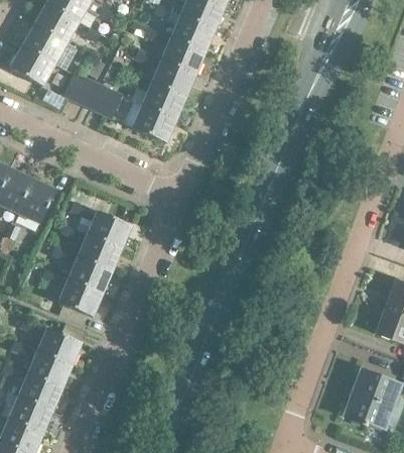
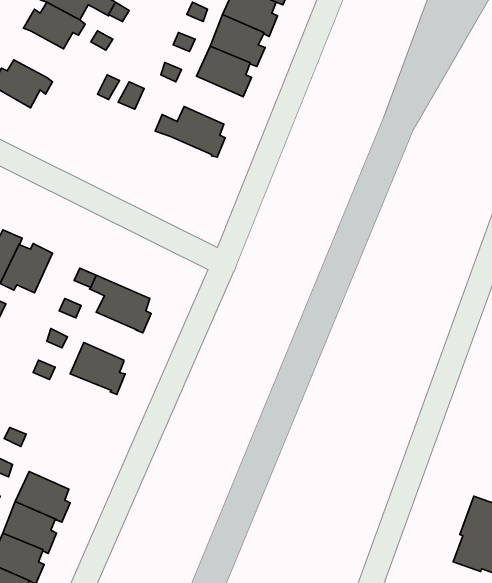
building: [21,27,65,62] -> none
building: [150,61,190,98] -> none
building: [61,73,93,105] -> none
building: [90,86,121,118] -> none
building: [135,105,171,143] -> none
building: [77,234,116,271] -> none
building: [61,279,97,317] -> none
building: [36,328,76,366] -> none

